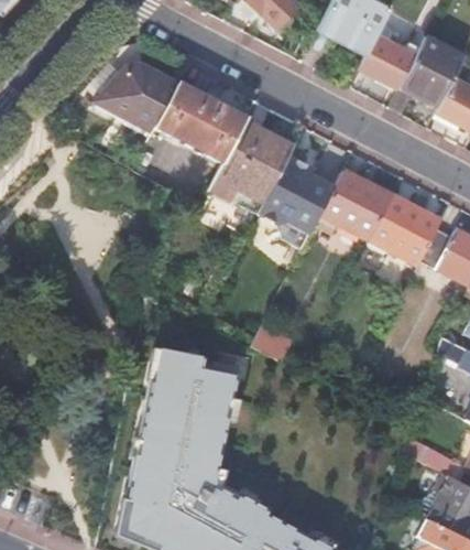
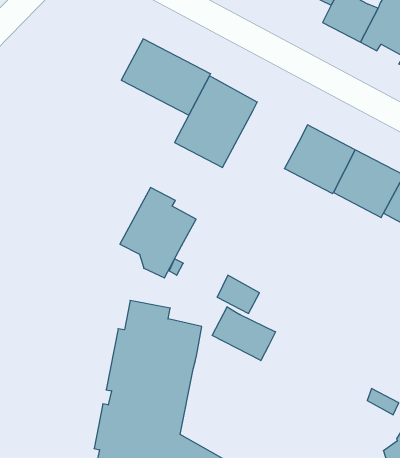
building: [96,65,177,131] -> none
building: [258,157,335,248] -> [120,188,196,278]
building: none -> [212,307,276,361]

